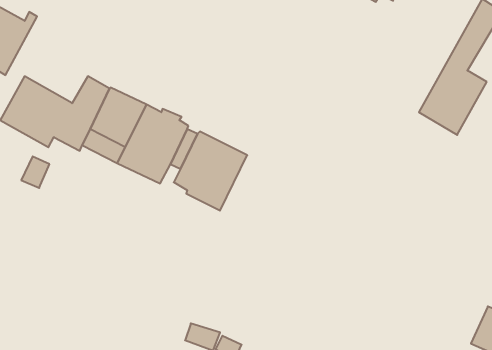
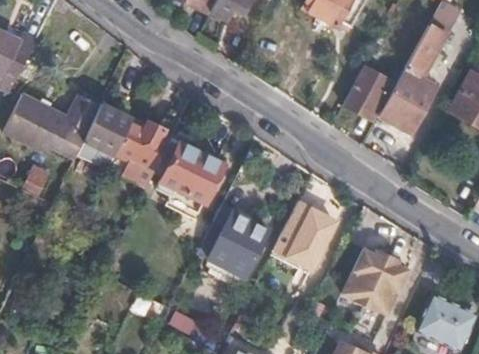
building: none -> [342,64,391,118]
building: none -> [274,200,340,270]
building: none -> [208,202,271,274]
building: none -> [341,246,409,315]

